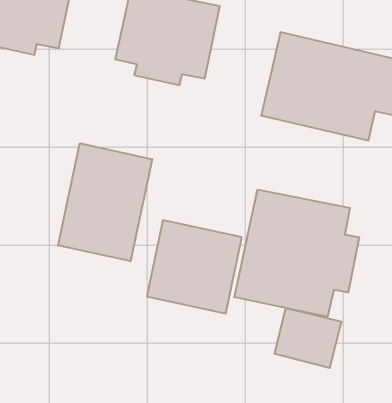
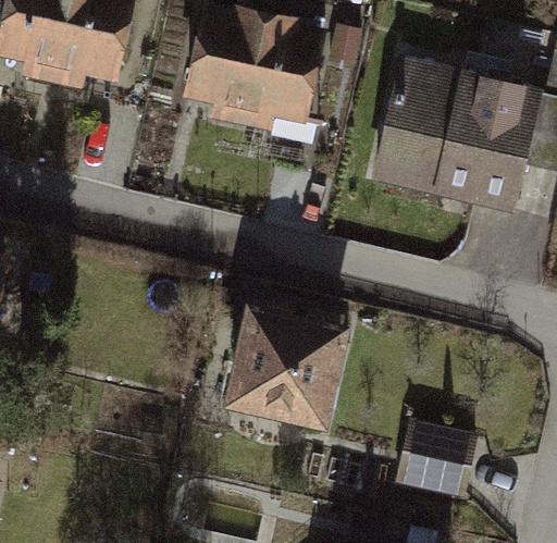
building: [58,143,152,261] -> none
building: [234,190,359,317] -> none

